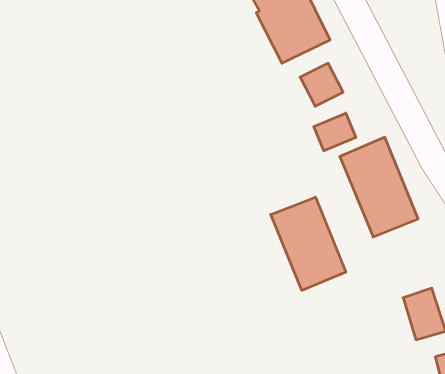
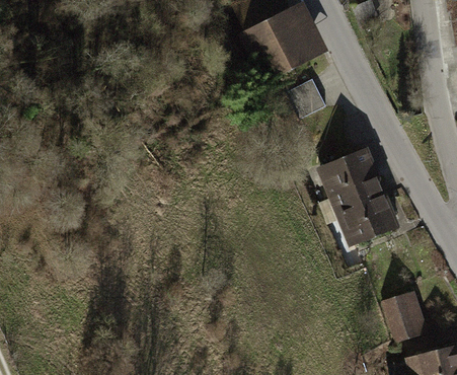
building: [314,113,356,151] -> none
building: [271,197,346,290] -> none

